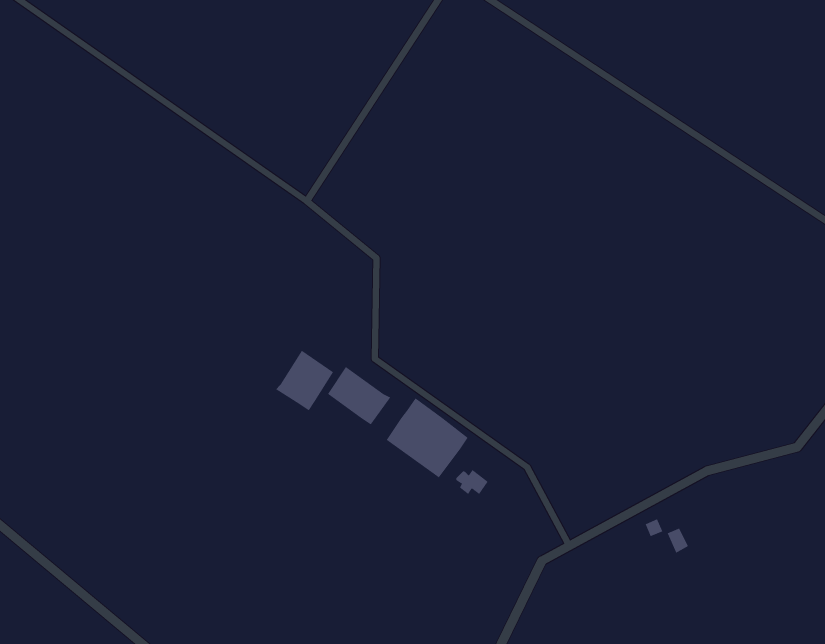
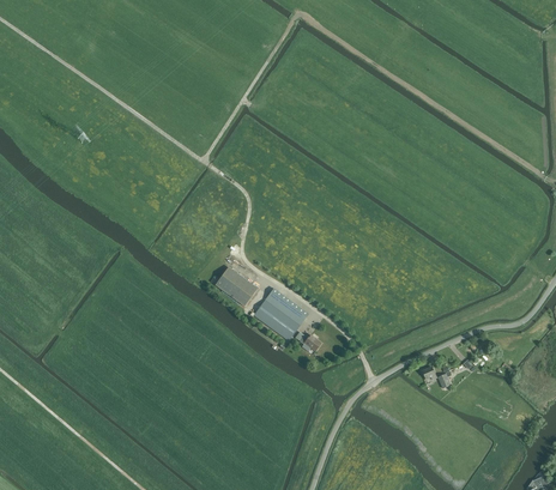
building: [275,350,334,411] -> none

